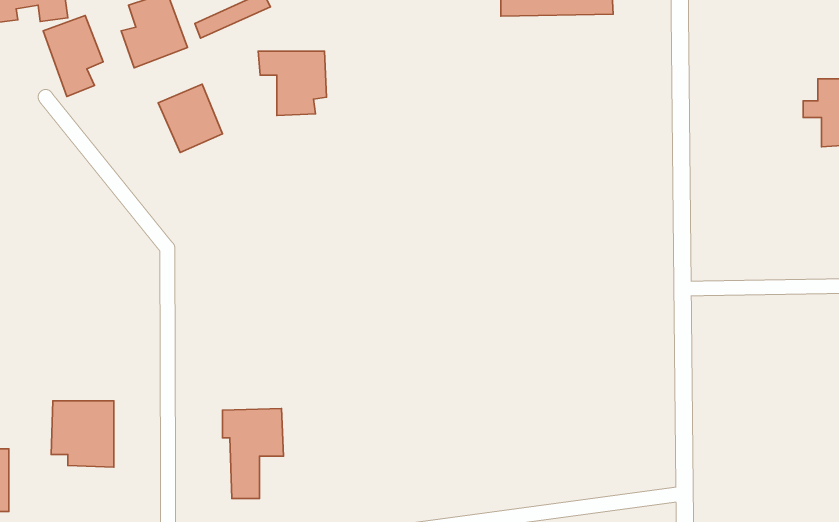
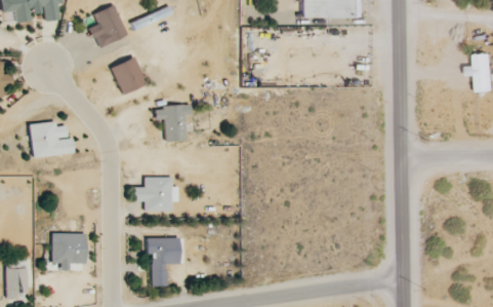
building: [43,15,103,96] -> none
building: [258,51,326,116] -> [155,106,193,142]
building: none -> [29,121,74,157]
building: none -> [132,177,178,212]

